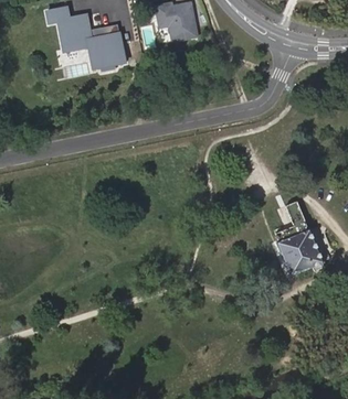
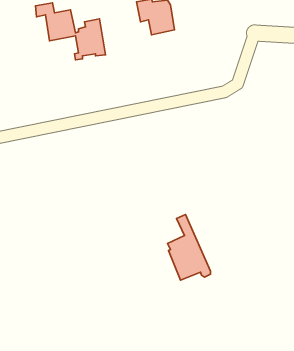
building: [276,201,324,273] -> [168,214,211,280]

